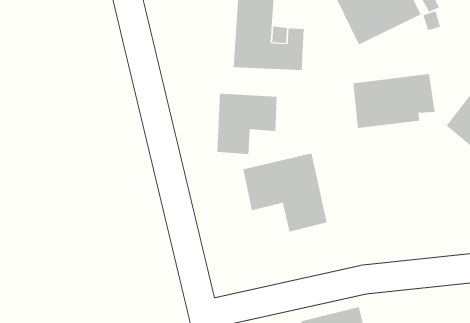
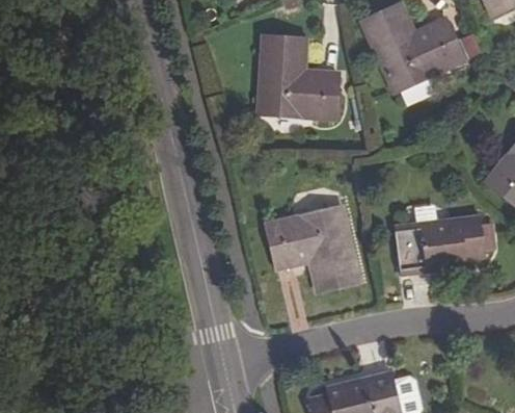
building: [352,73,436,129] -> [396,212,485,272]
building: [217,93,277,155] -> none

